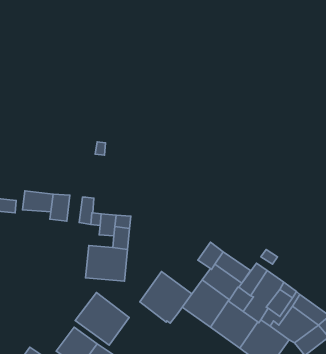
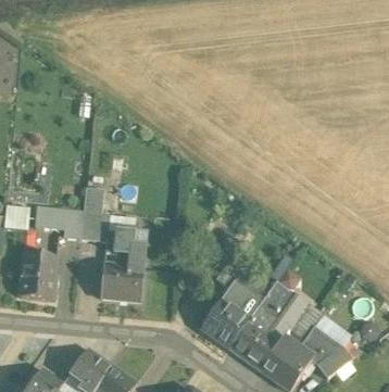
building: none -> [79,188,101,240]
building: none -> [17,252,54,300]
building: [140,272,192,323] -> none
building: [75,293,129,345] -> none

